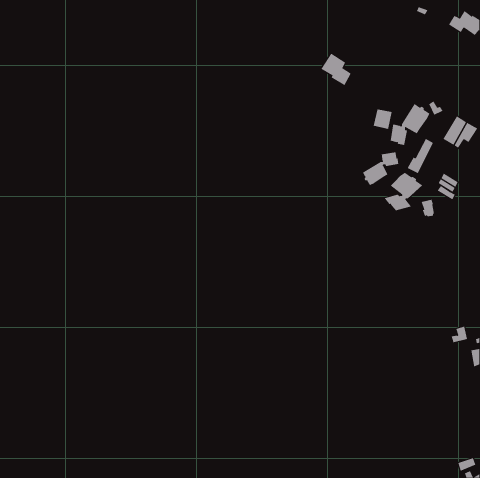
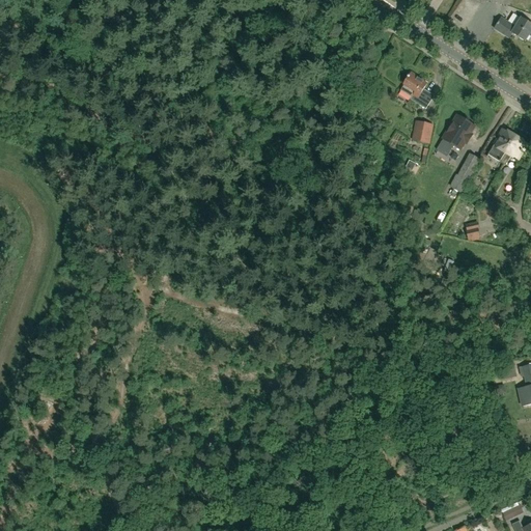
building: [321,53,352,86] -> [399,72,434,108]
building: [362,152,399,186] -> none
building: [384,172,423,211] -> none

